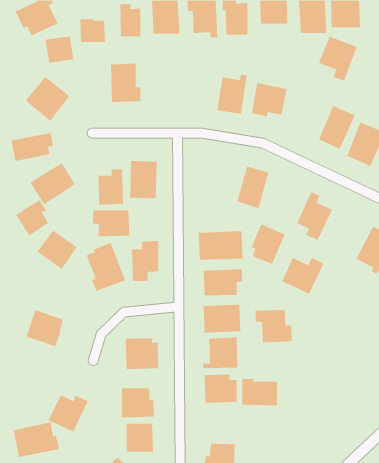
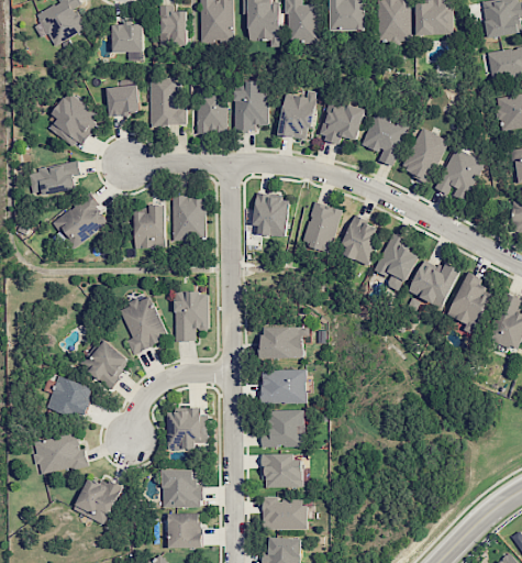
building: [45,36,74,63] -> [105,84,141,117]
building: [318,36,357,81] -> [359,111,407,166]
building: none -> [233,80,267,130]
building: none -> [196,88,226,132]
building: none -> [252,194,289,236]
building: [16,199,49,236] -> none
building: [92,210,130,237] -> none
building: [251,224,285,265] -> [341,216,382,265]
building: [37,230,78,270] -> [80,339,130,387]
building: [198,231,243,261] -> none
building: [281,257,324,294] -> [408,262,459,307]
building: [255,309,292,343] -> none
building: [241,379,278,406] -> [262,496,306,529]
building: [13,422,60,457] -> [31,432,88,475]

